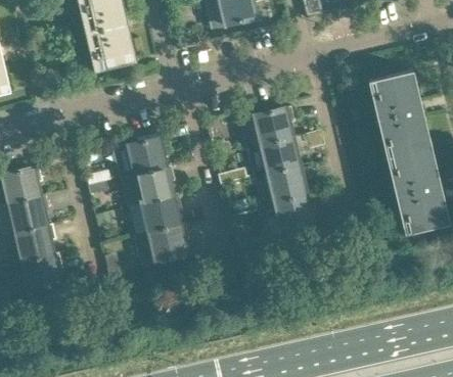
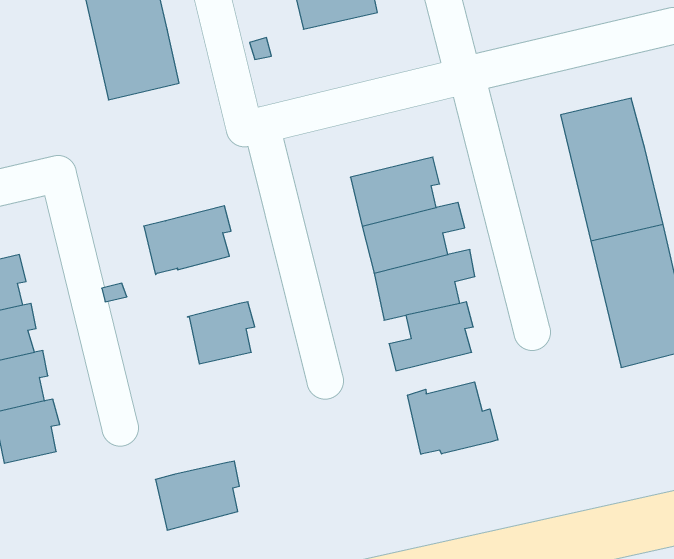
building: [123,164,175,205] -> none
building: [137,223,188,265] -> [155,461,239,530]
building: none -> [408,382,498,454]

